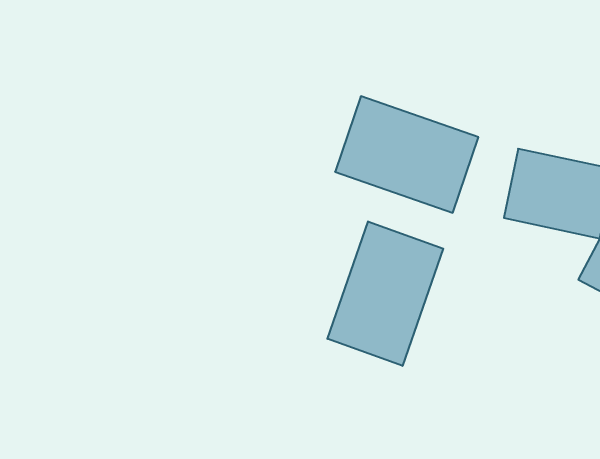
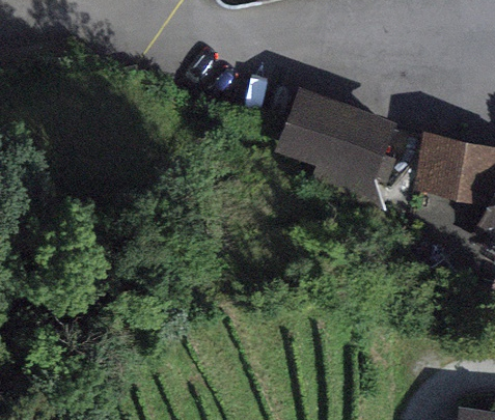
building: [327,221,443,366] -> none

